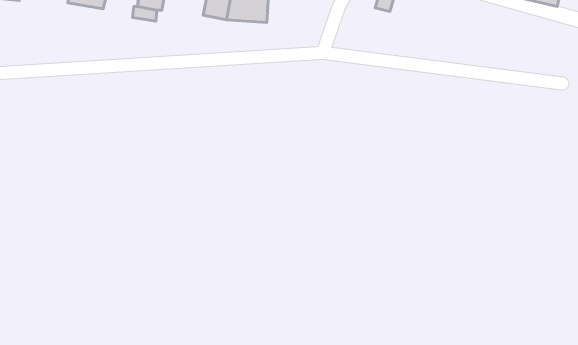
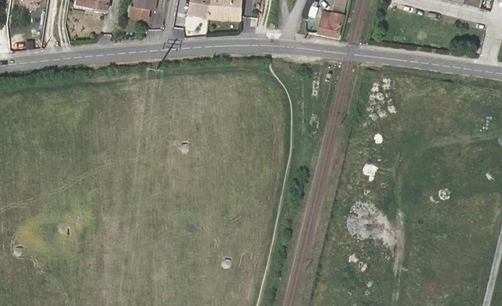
building: none -> [318,10,342,35]

